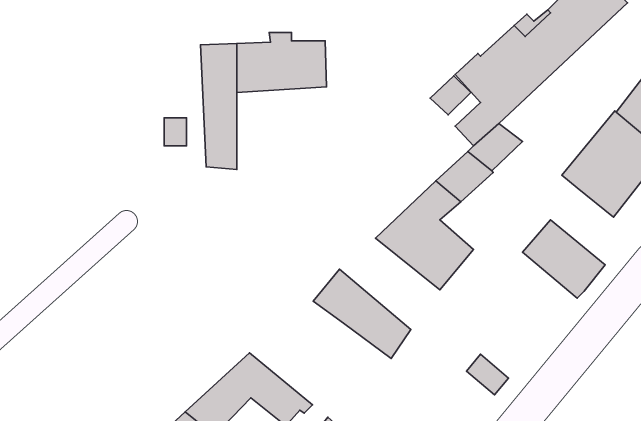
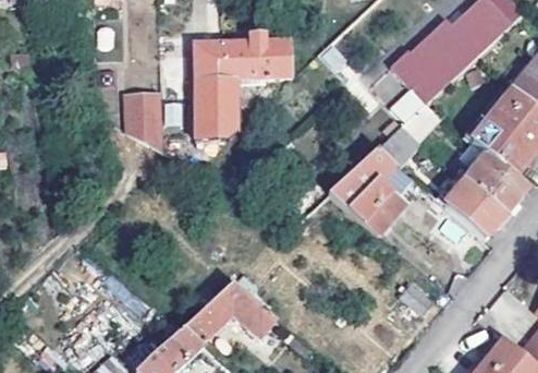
building: none -> [124,93,163,149]
building: none -> [465,153,528,213]
building: [313,269,411,358] -> none

